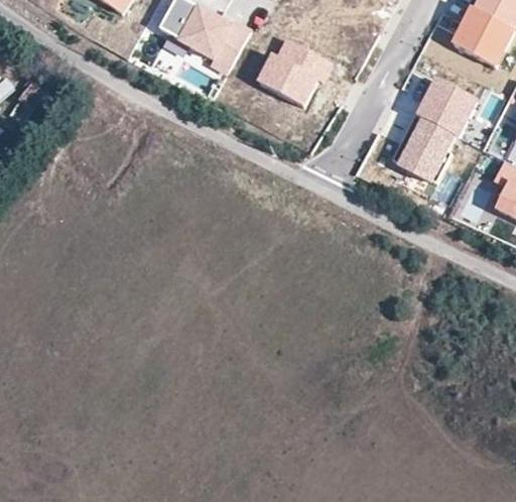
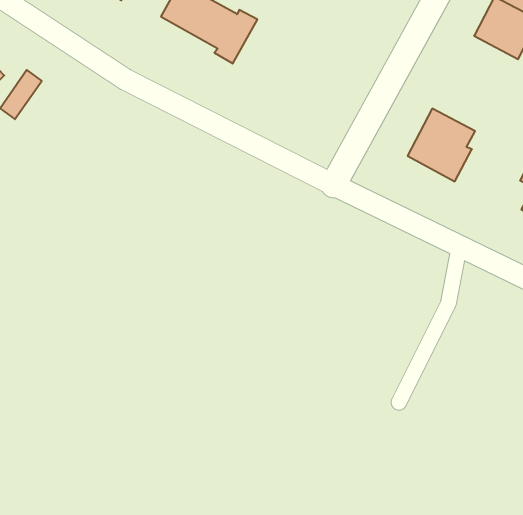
building: [256,38,334,105] -> none
building: [413,80,476,136] -> none

